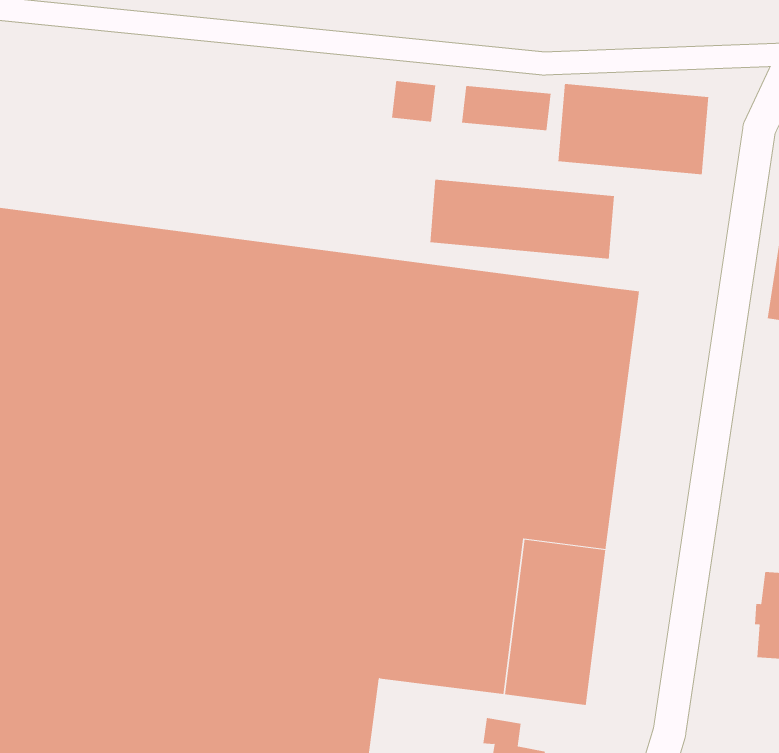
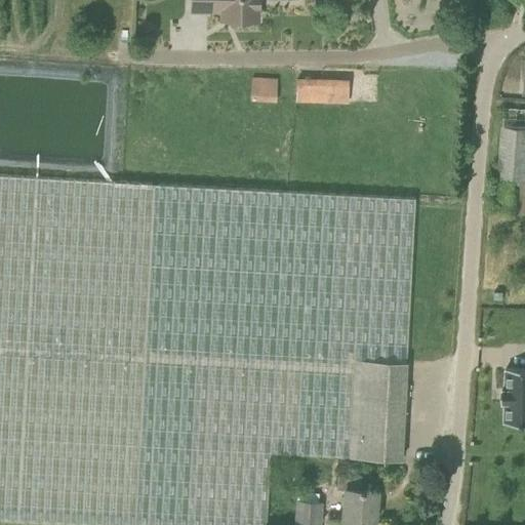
building: [558,83,709,175] -> none
building: [430,179,614,259] -> none

